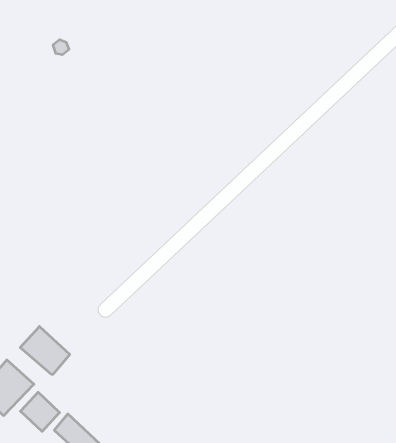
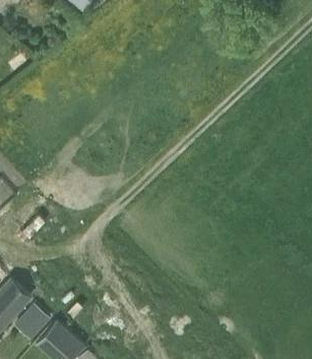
building: [20,326,70,374] -> none

